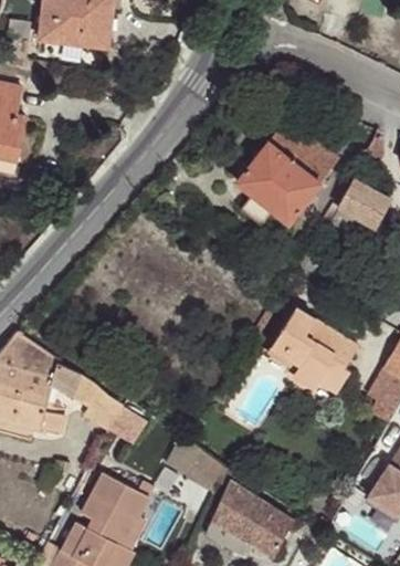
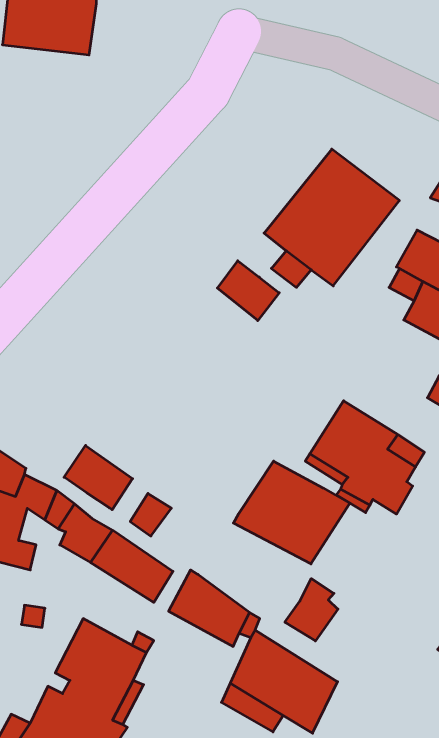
building: none -> [217,261,279,321]
building: none -> [64,445,133,510]
building: none -> [233,461,350,564]
building: none -> [285,579,338,641]

